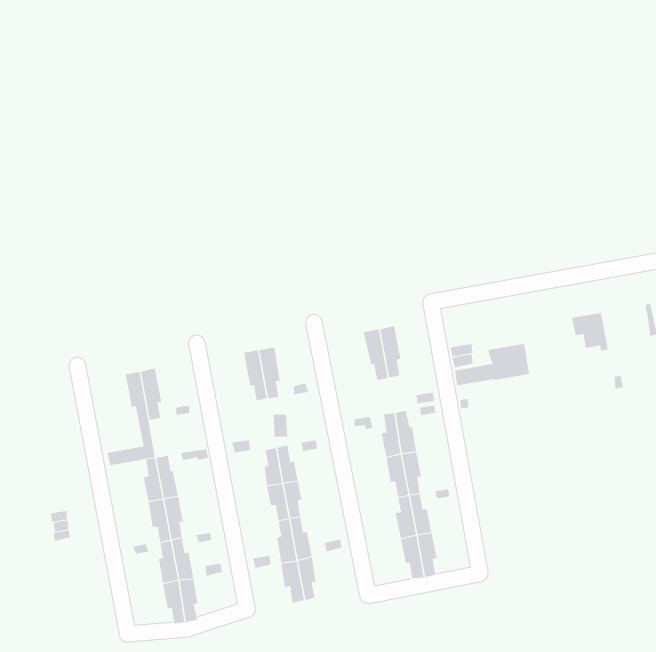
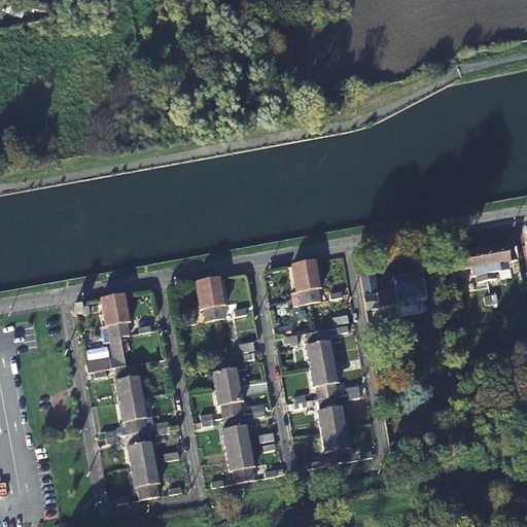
building: none -> [483,246,510,280]

